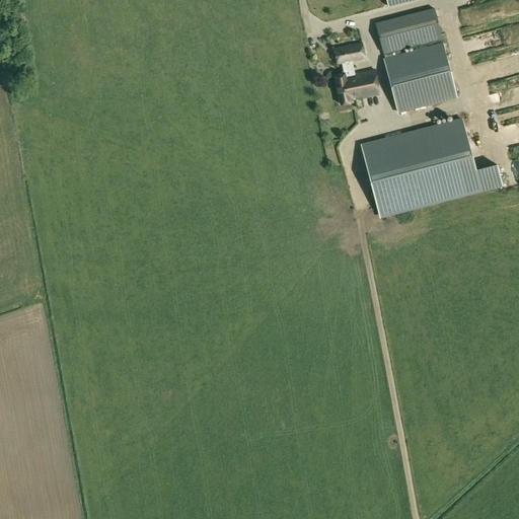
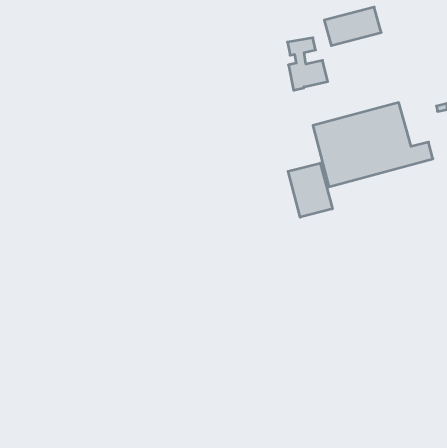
building: [383,44,456,113] -> none
building: none -> [288,163,332,217]

